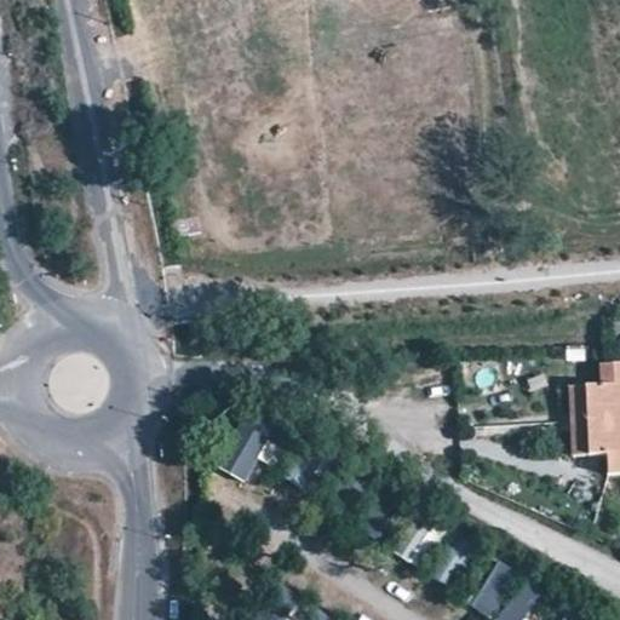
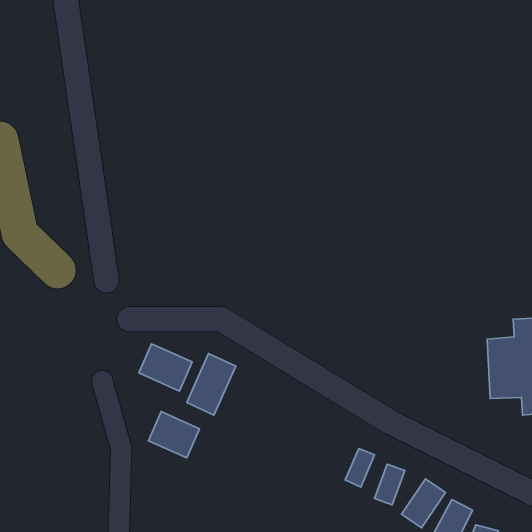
building: none -> [139,344,192,391]
building: none -> [148,412,199,458]

